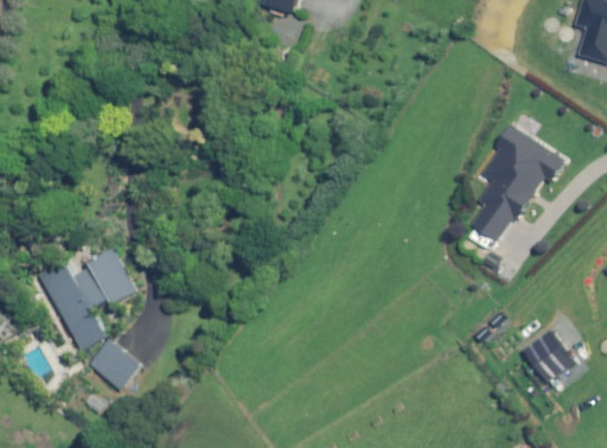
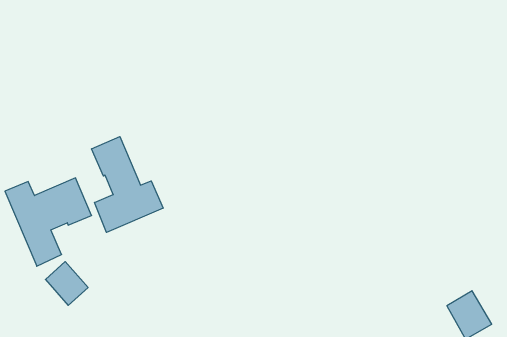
building: [478,123,556,231] -> none
building: none -> [92,137,163,232]

